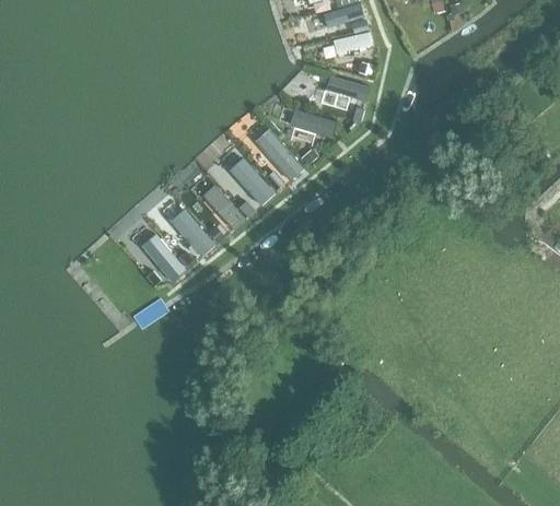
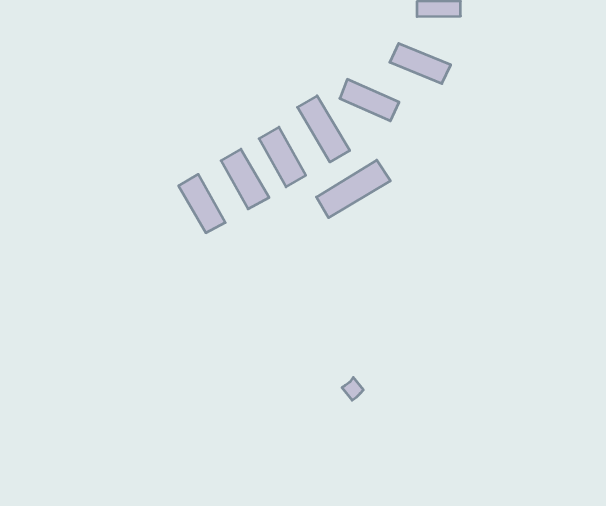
building: none -> [316,160,390,218]
building: [143,234,186,281] -> none

